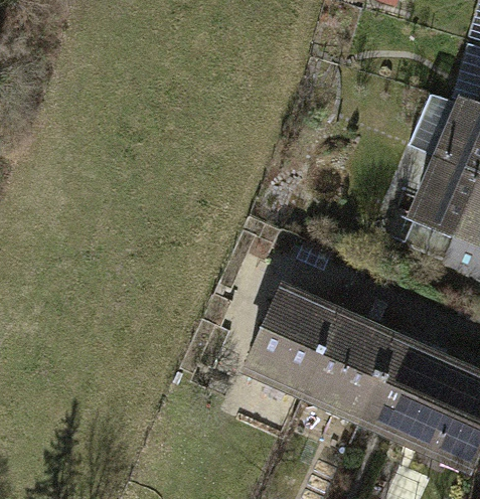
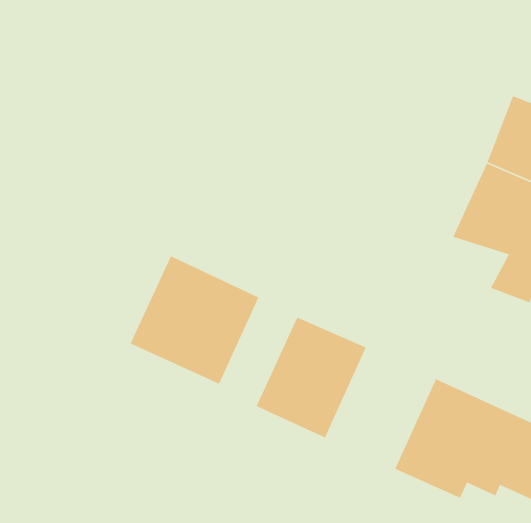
building: none -> [130,255,259,385]
building: [302,313,395,417] -> none

